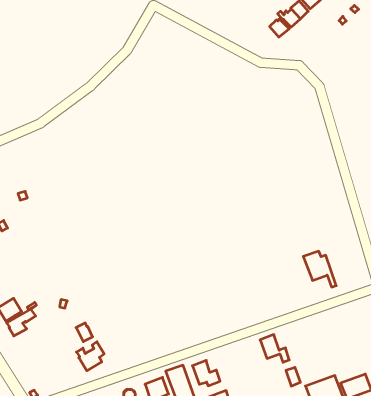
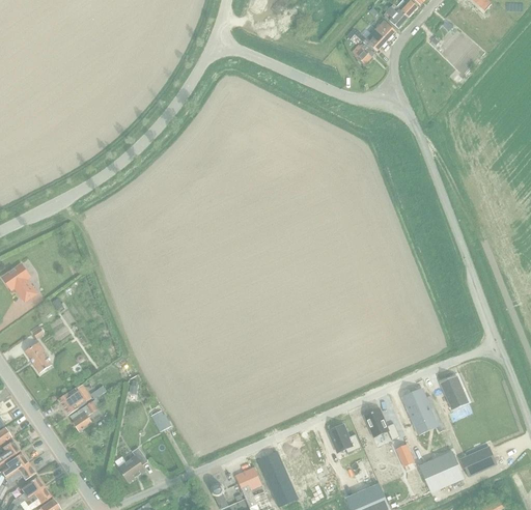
building: [303,251,336,287] -> [403,390,444,430]
building: none -> [439,374,468,409]
building: [76,342,104,371] -> [114,447,146,481]
building: [192,360,220,386] -> [327,423,360,452]

